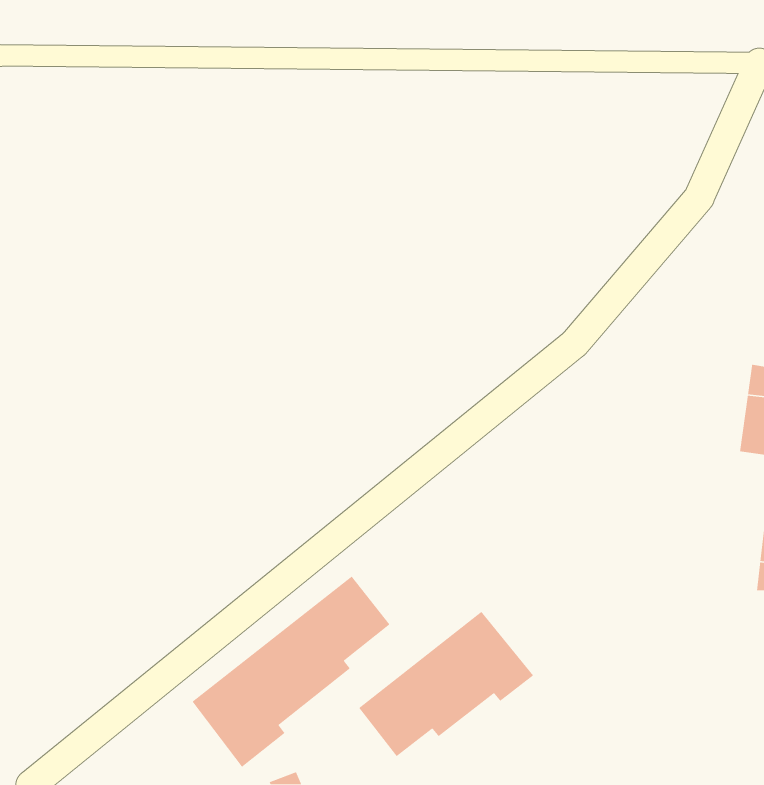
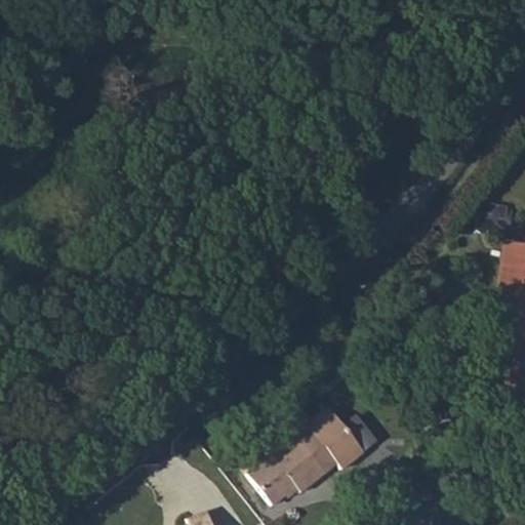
building: [192,576,391,768] -> none

